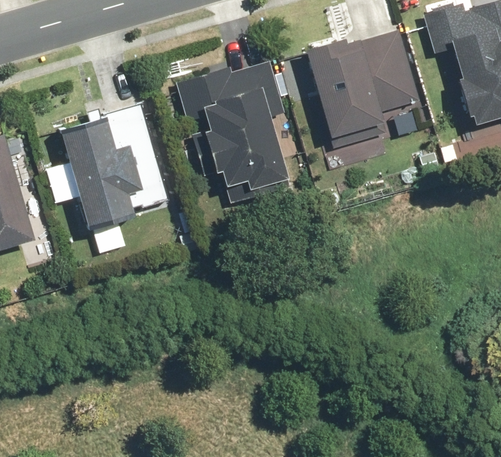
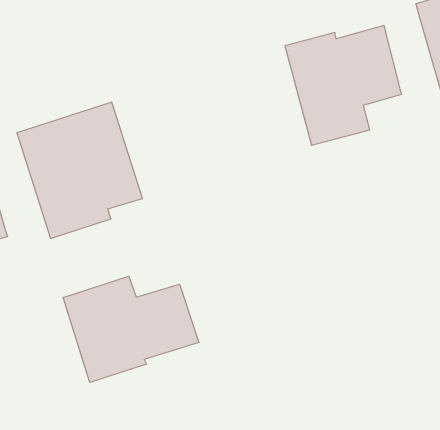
building: [175,51,288,195] -> none
building: none -> [63,276,199,382]

